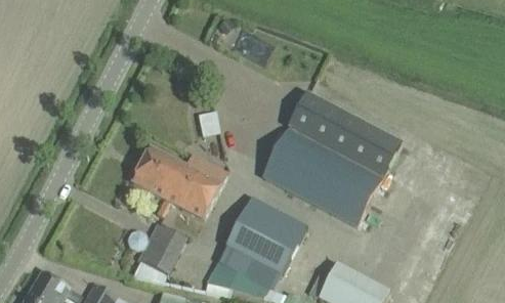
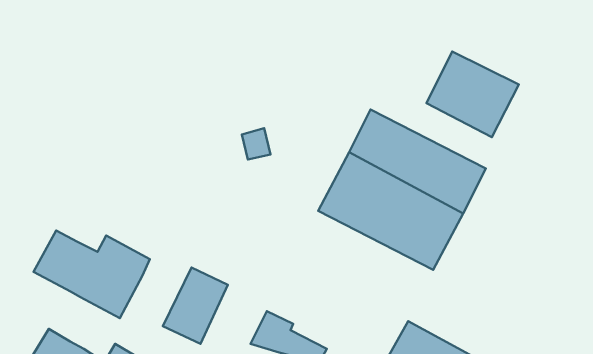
building: none -> [426,51,519,137]
building: [132,147,227,219] -> [34,230,150,318]
building: [224,197,305,274] -> none

